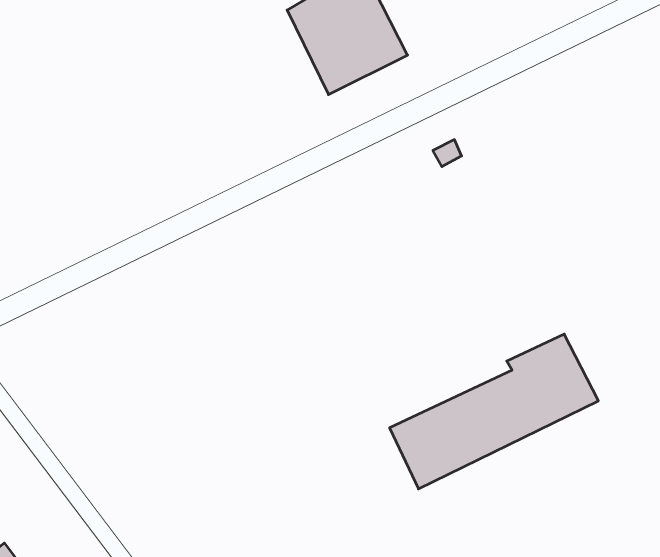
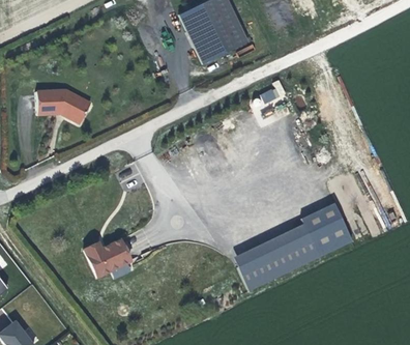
building: none -> [36,88,90,122]
building: none -> [87,240,134,278]

